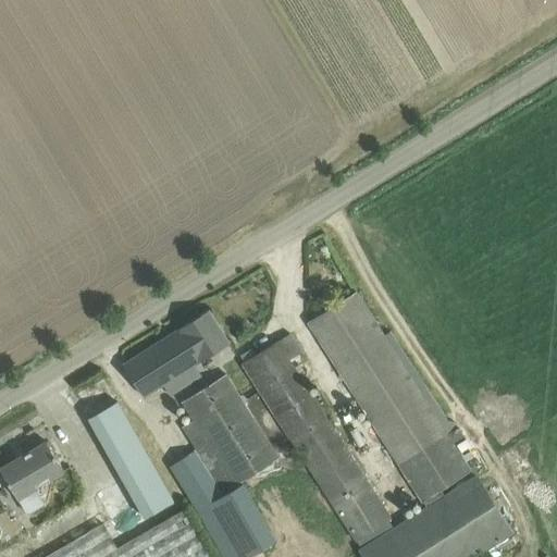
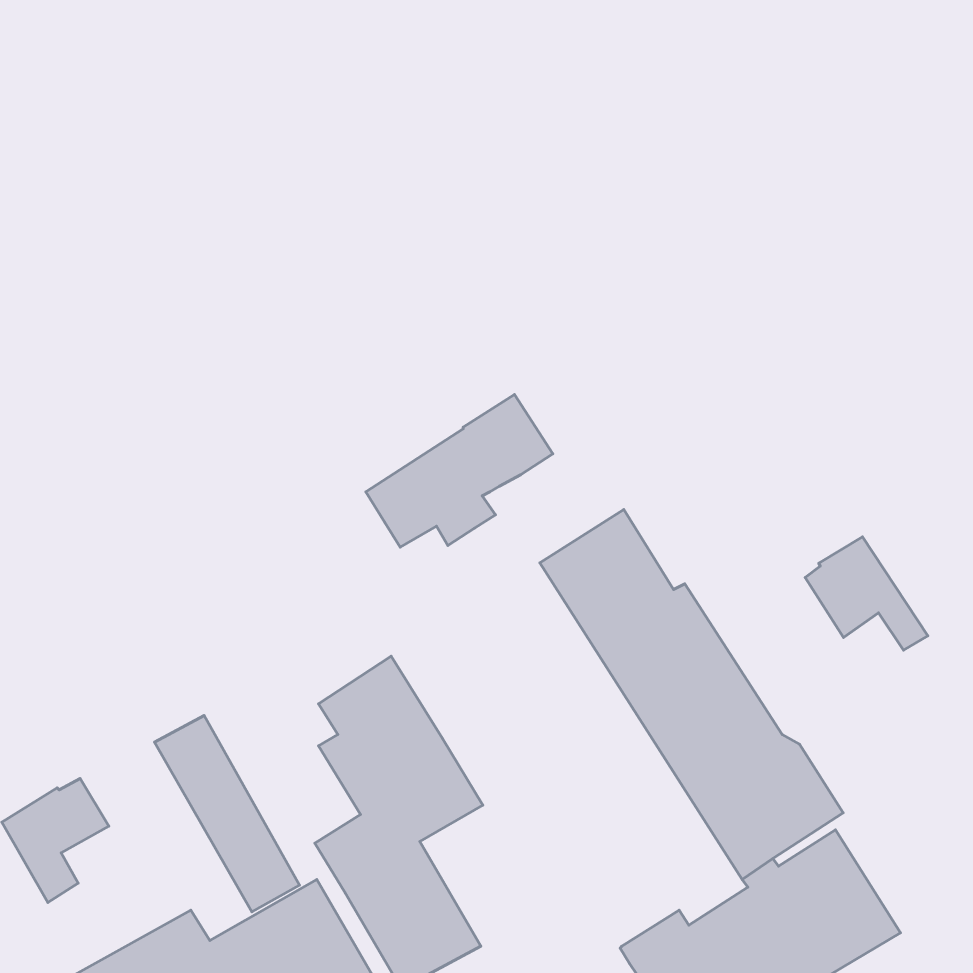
building: none -> [805,537,928,650]
building: [123,310,230,397] -> [366,395,553,547]
building: [243,334,389,541] -> none

